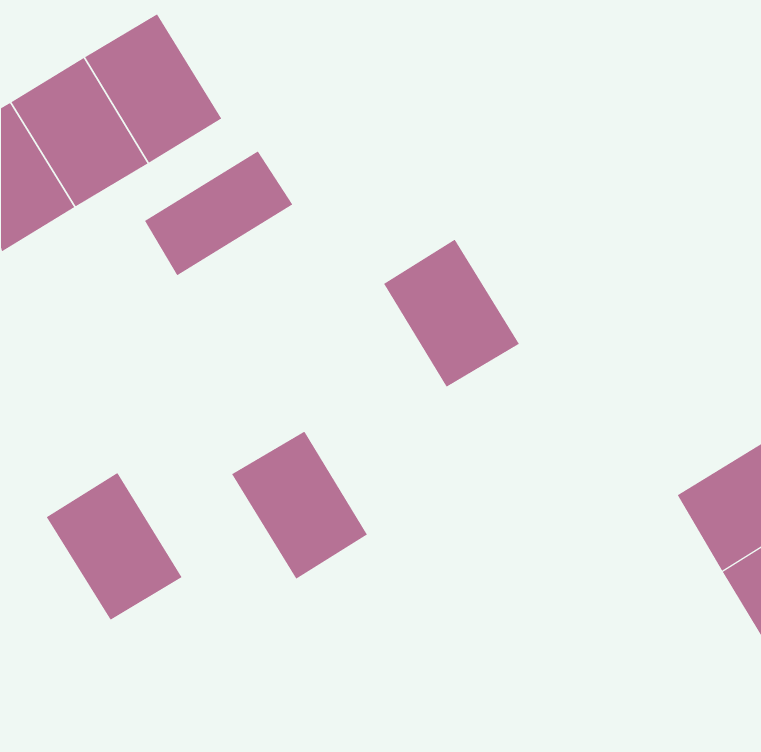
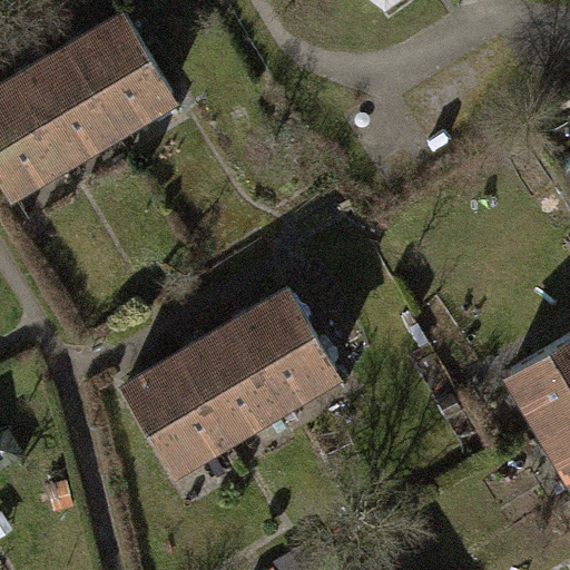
building: [144,150,293,276] -> none
building: [383,239,520,387] -> [230,297,332,407]
building: [46,472,182,621] -> [122,363,224,473]

